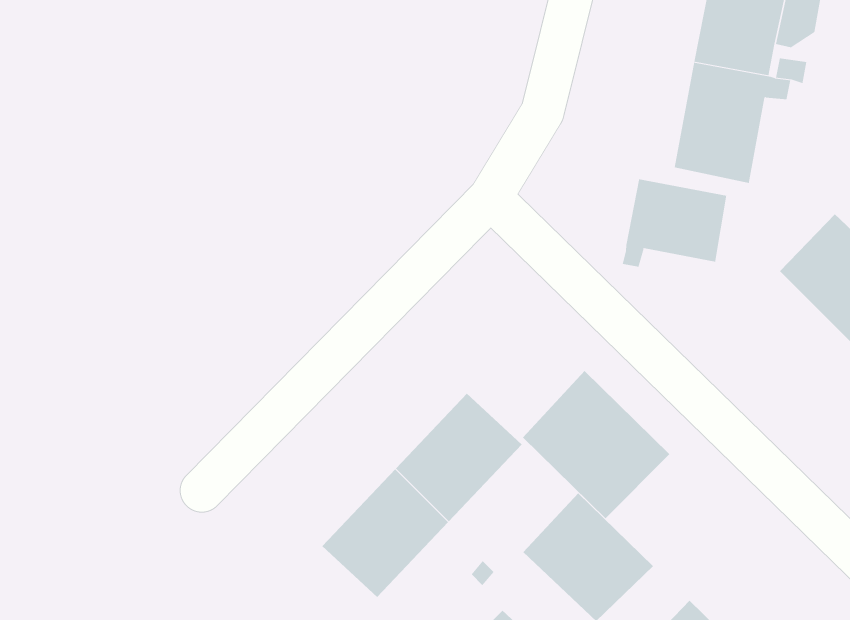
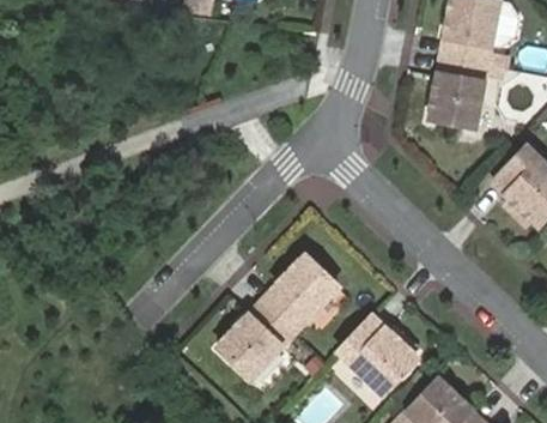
building: [622,178,727,268] -> none
building: [522,370,670,519] -> none

